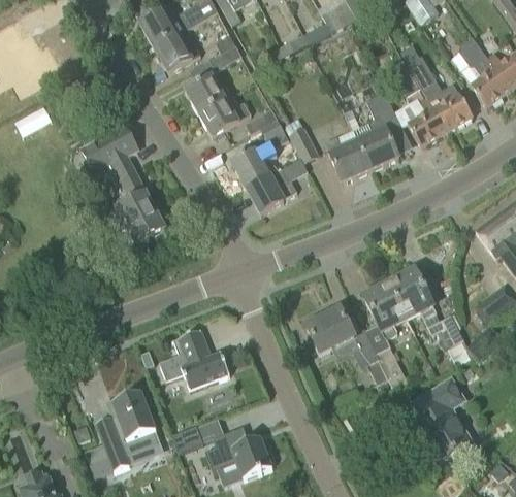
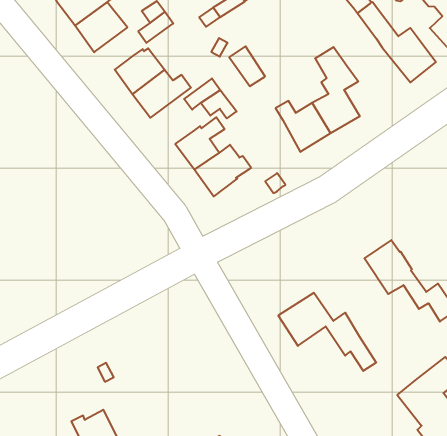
building: [392,89,447,146] -> none
building: [82,124,163,242] -> none
building: [288,125,318,161] -> [229,46,265,86]
building: [362,283,409,393] -> none
building: [159,328,229,390] -> none

